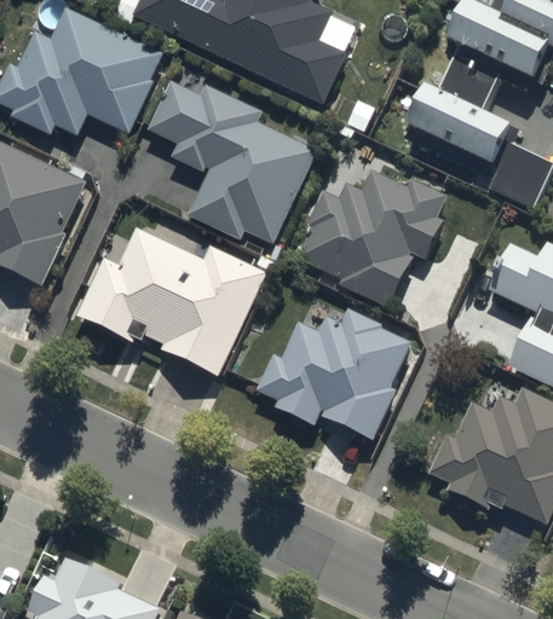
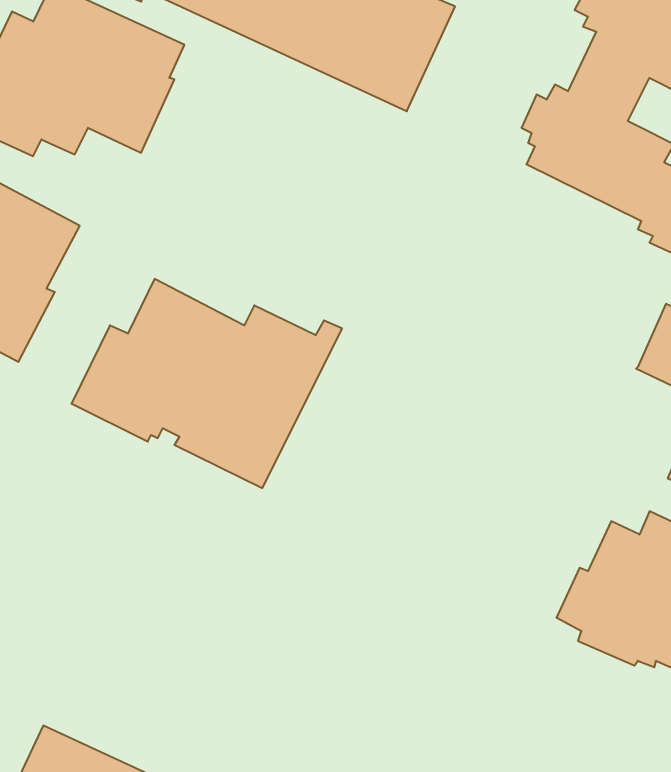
building: [150,82,317,242] -> none
building: [296,169,447,308] -> none
building: [257,308,411,439] -> none

